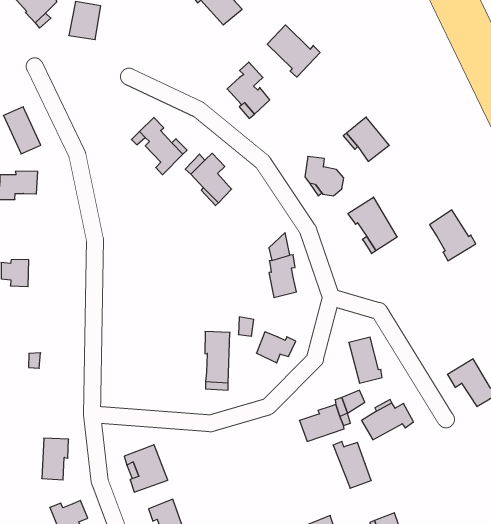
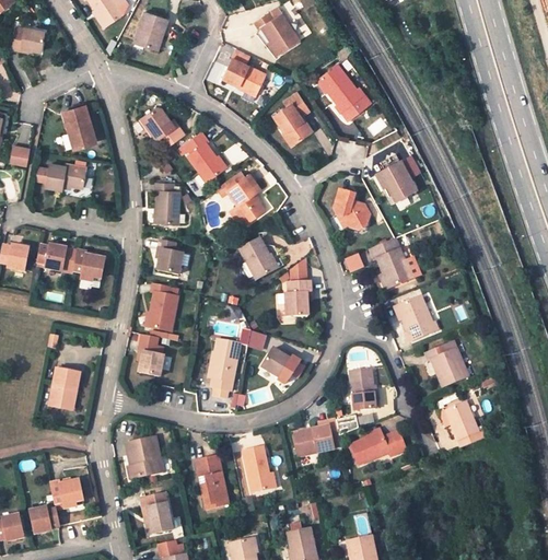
building: none -> [221,59,265,94]
building: none -> [141,106,184,150]
building: none -> [156,183,180,223]
building: [430,210,476,261] -> [397,293,438,340]
building: none -> [240,237,277,279]
building: none -> [159,240,184,273]
building: none -> [71,248,105,280]
building: none -> [150,282,179,330]
building: none -> [425,342,468,385]
building: none -> [141,342,165,375]
building: [42,438,69,480] -> [49,366,80,408]
building: [333,441,371,488] -> [243,447,273,492]
building: none -> [197,455,229,505]

